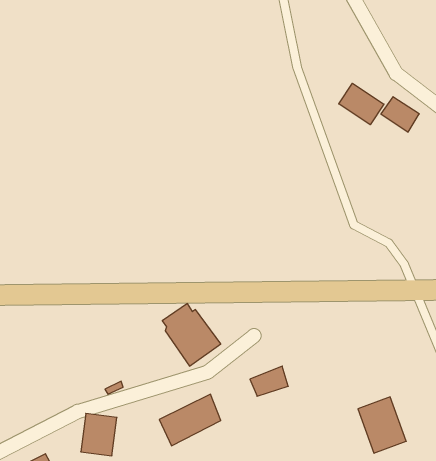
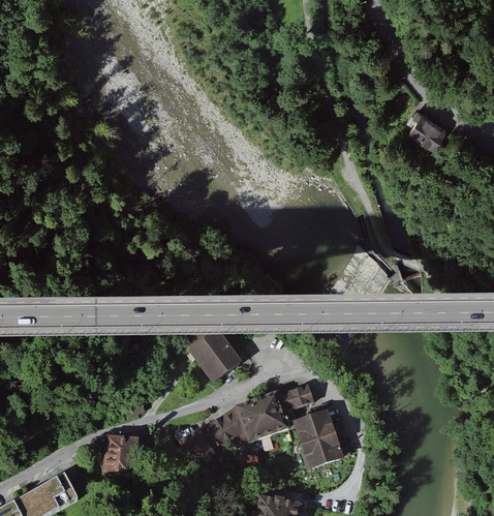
building: [339,83,384,125] -> none
building: none -> [235,398,287,445]
building: [358,397,406,453] -> [294,409,343,467]

